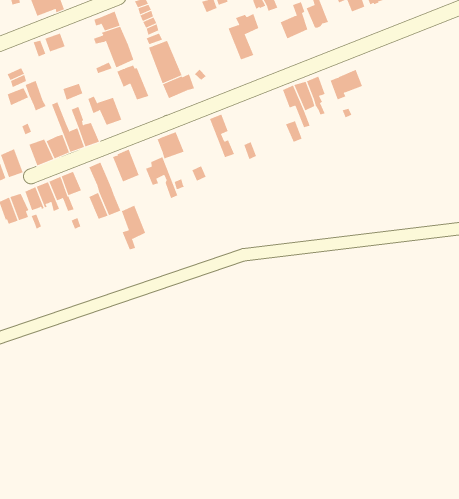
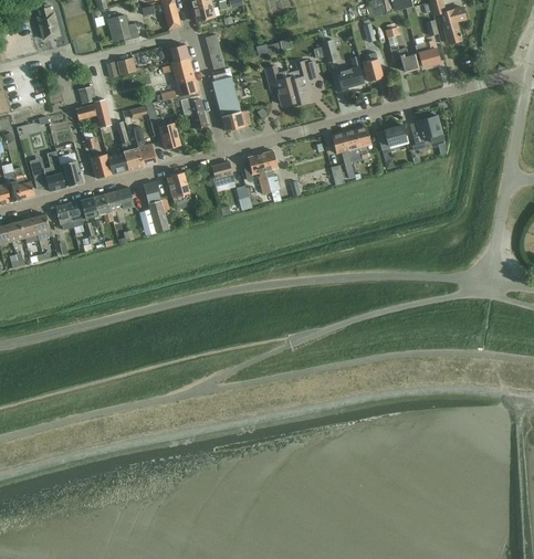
building: none -> [265,65,296,104]
building: none -> [412,115,443,150]
building: [145,157,178,199] -> [243,154,271,193]
building: [121,205,146,250] -> none

